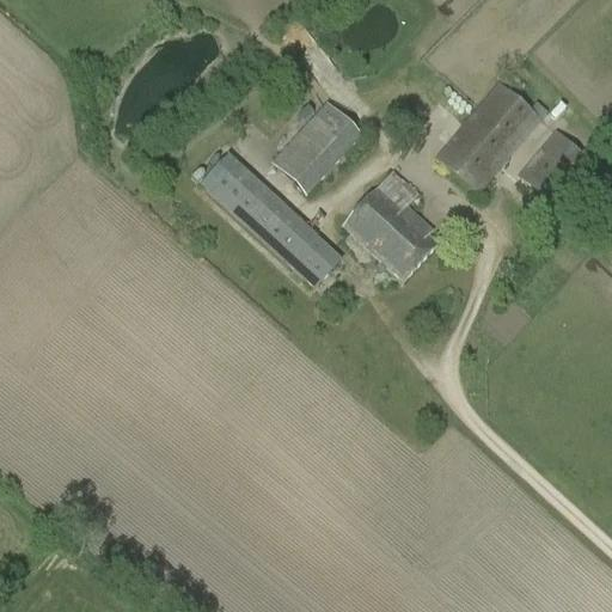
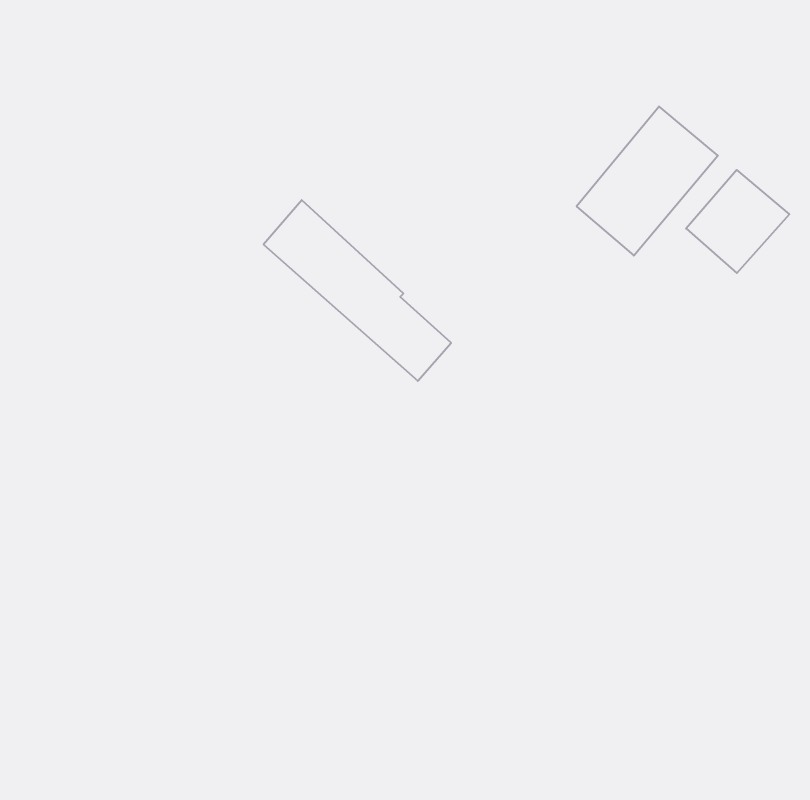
building: [271,99,363,194] -> none
building: [344,173,437,279] -> none

